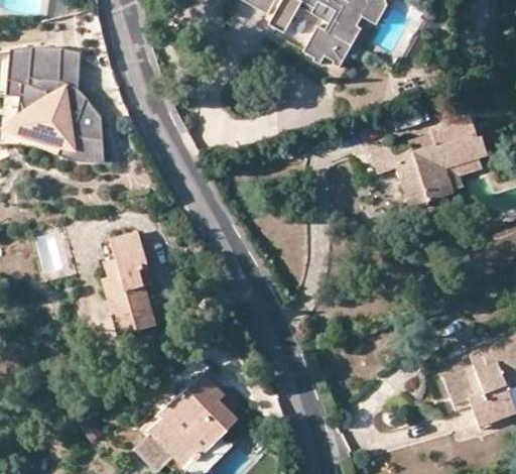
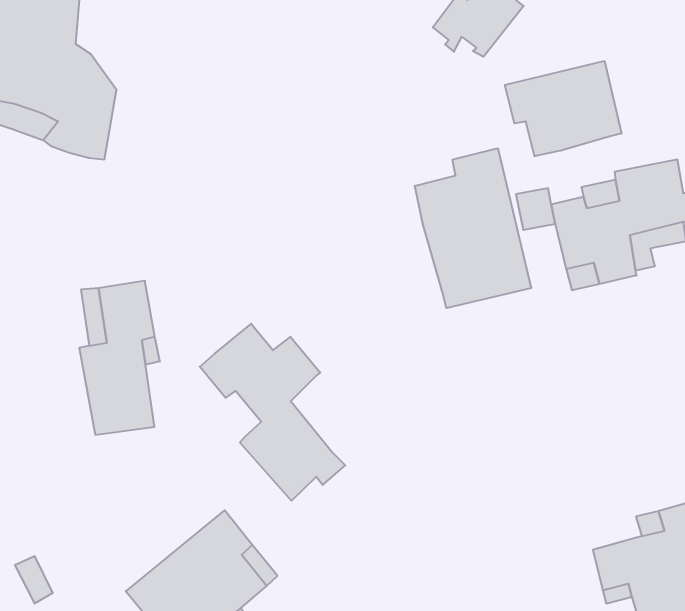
building: none -> [505,61,621,156]
building: none -> [415,148,531,308]
building: none -> [200,324,345,501]

